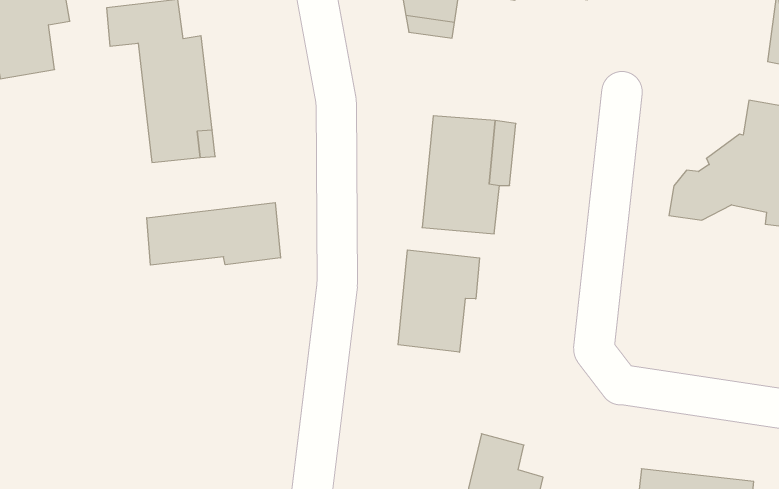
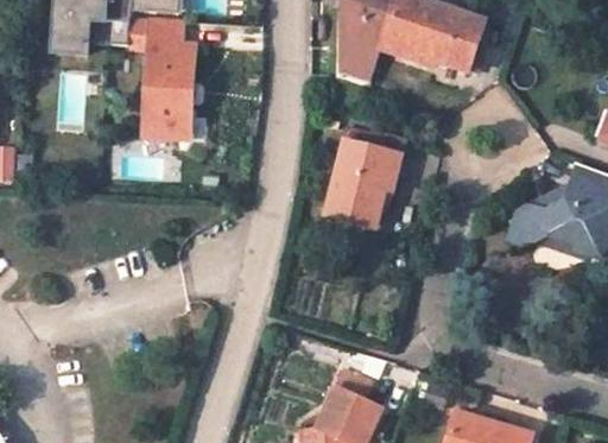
building: [147,203,281,265] -> none
building: [398,250,480,352] -> none

